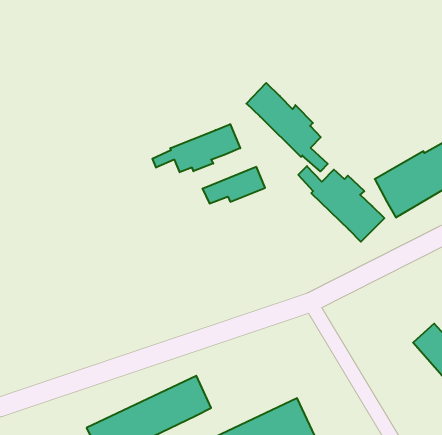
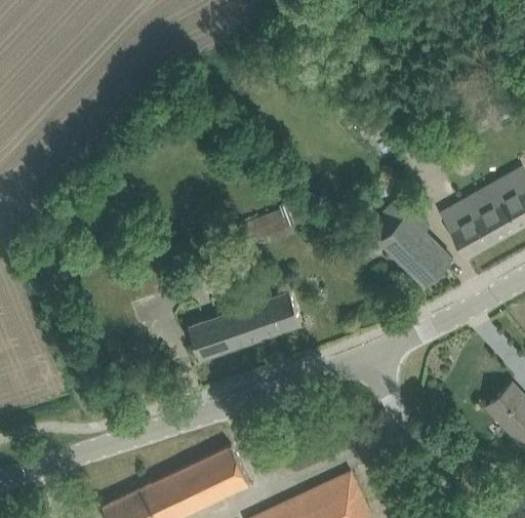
building: [246,83,328,171] -> none
building: [152,124,240,172] -> none
building: none -> [188,289,301,361]

